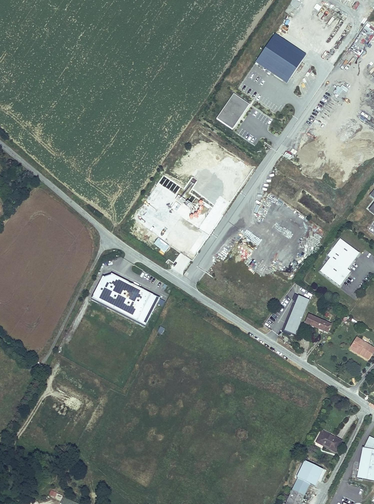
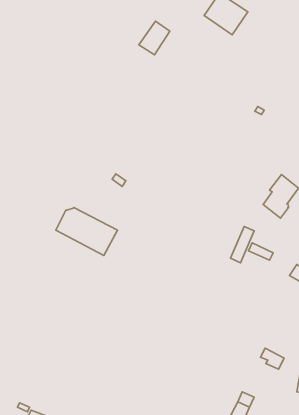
building: [216,92,250,129] -> [139,21,170,55]
building: [296,459,323,485] -> none

